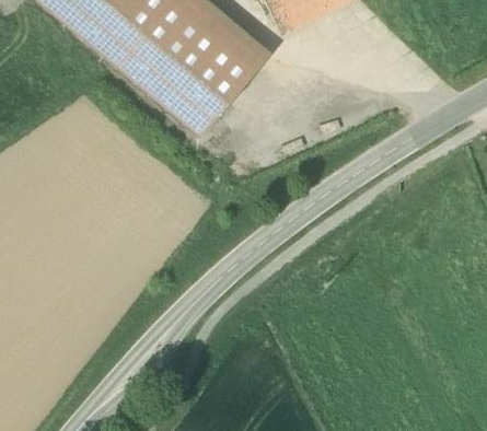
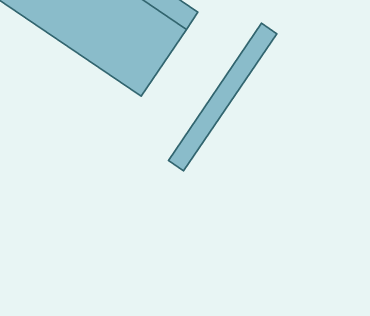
building: none -> [168,23,277,171]

